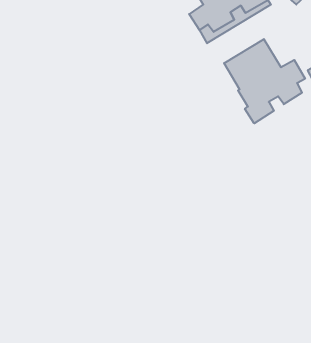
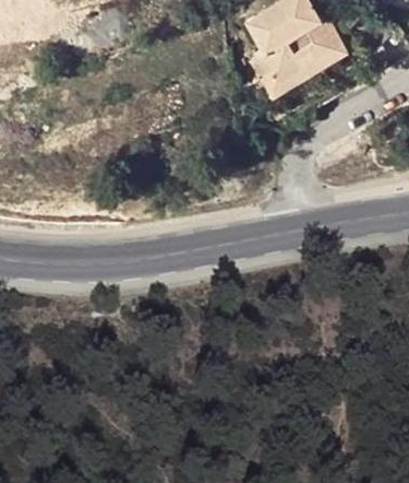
building: [224,39,305,123] -> none

